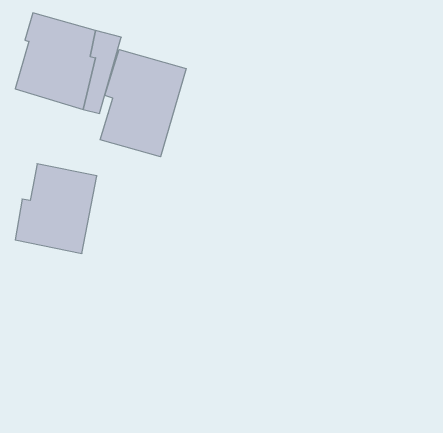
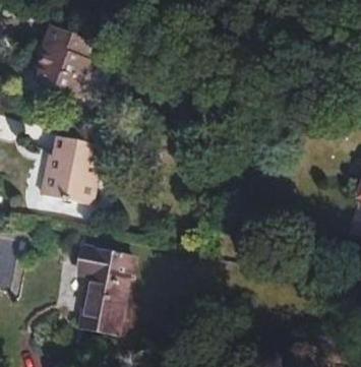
building: [100,50,186,157] -> none
building: none -> [80,245,133,331]

